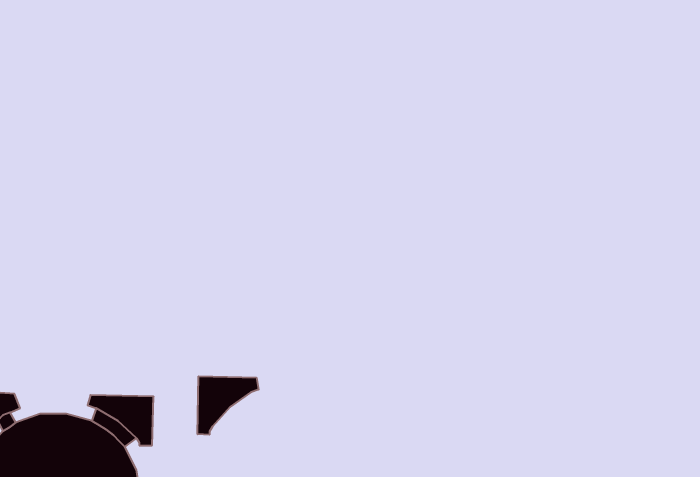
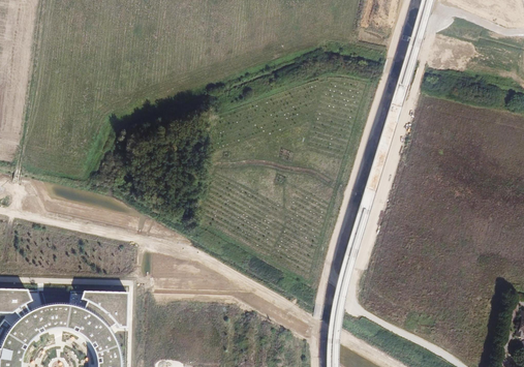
building: [198,376,259,435] -> none

